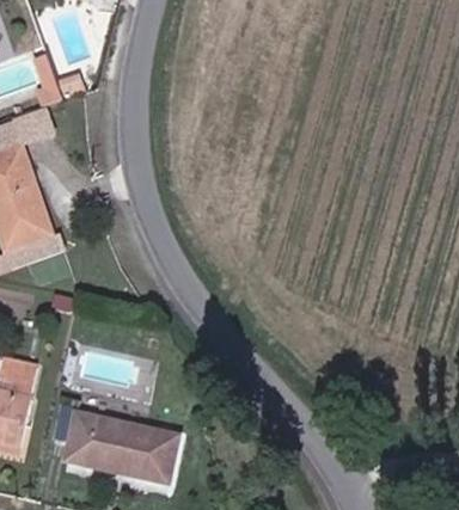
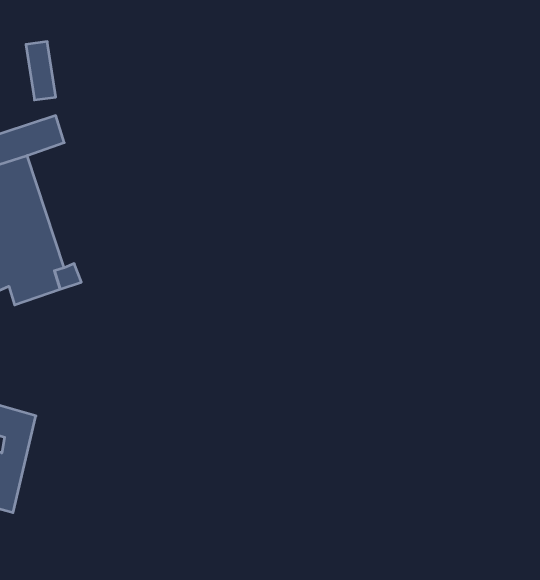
building: [62,413,166,481] -> none

